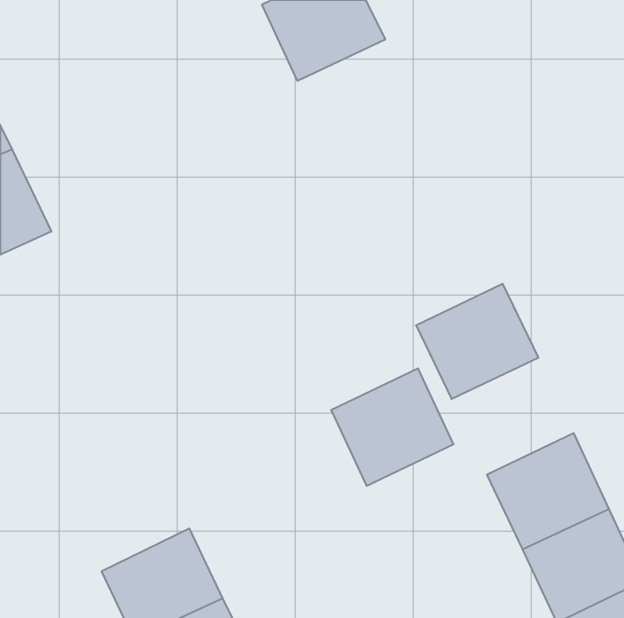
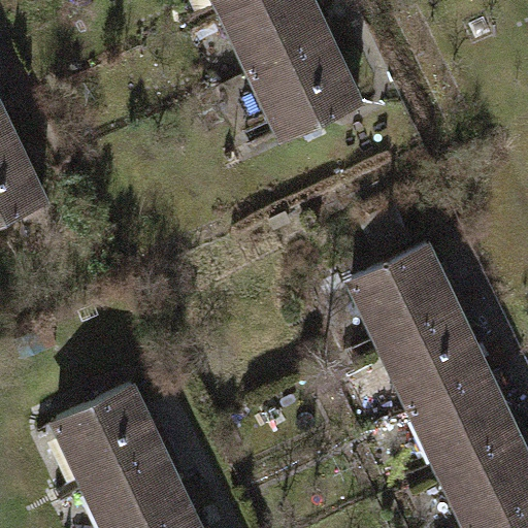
building: none -> [252,39,353,132]
building: [331,368,454,486] -> [382,307,485,406]
building: none -> [54,384,161,488]

